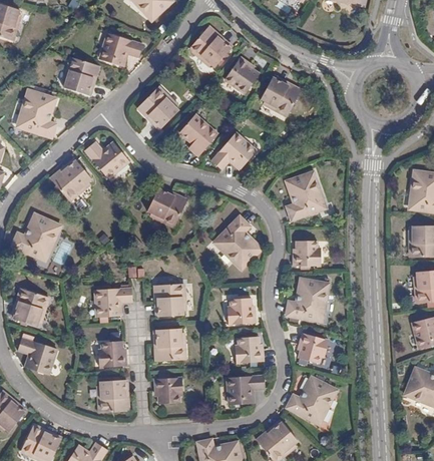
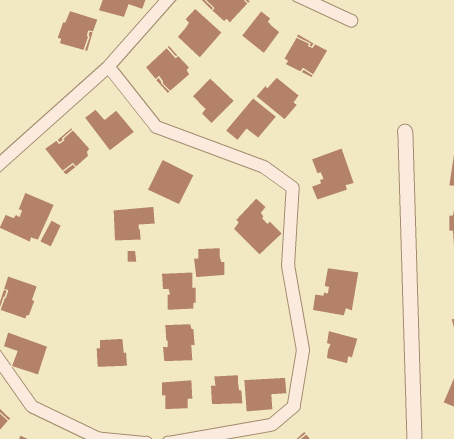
building: none -> [177,8,222,58]
building: [20,87,55,132] -> none
building: none -> [255,77,299,120]
building: [293,241,320,267] -> none
building: [95,286,132,316] -> [113,207,155,241]
building: [228,299,256,325] -> [193,248,225,277]
building: [235,337,264,363] -> [210,375,243,405]
building: [96,380,126,414] -> none
building: [287,380,335,423] -> none

